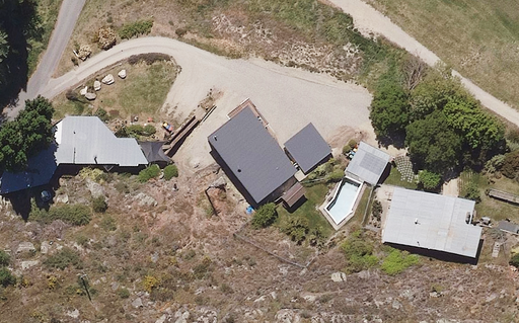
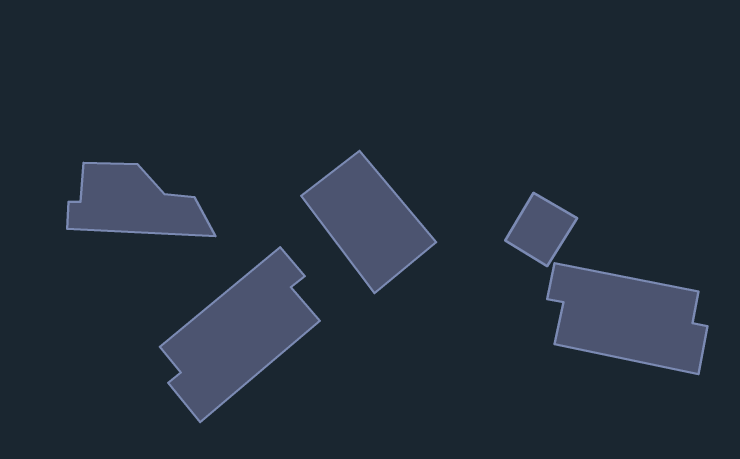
building: [284,122,332,172] -> none
building: none -> [160,247,320,422]

